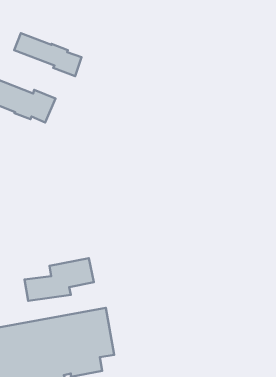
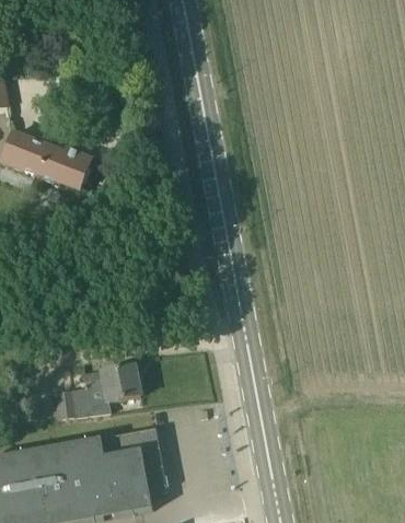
building: [14,33,81,76] -> none

